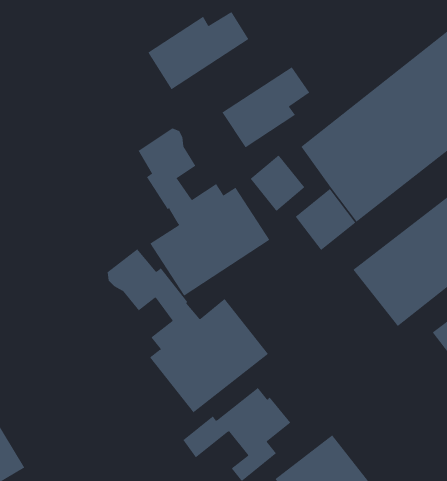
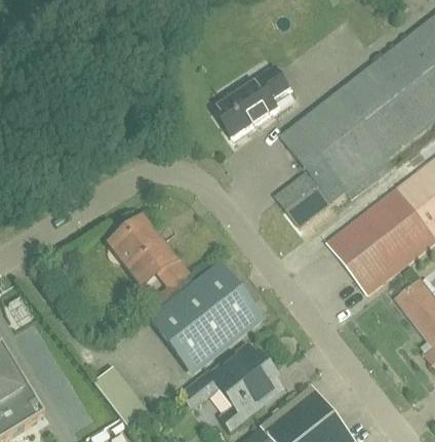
building: [147,11,249,90] -> none
building: [138,127,270,297] -> none
building: [250,154,305,212] -> none

